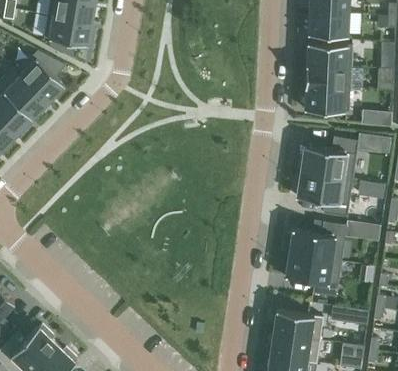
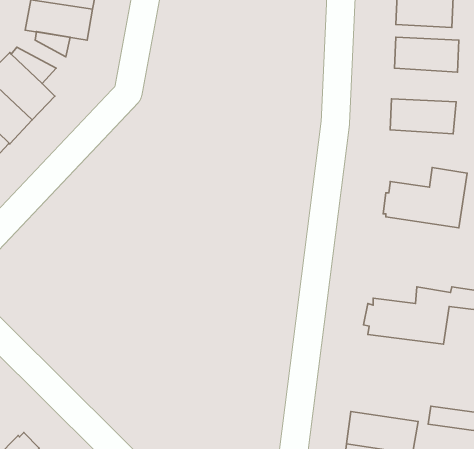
building: [304,66,351,90] -> none
building: [296,172,352,217] -> none
building: [284,256,341,298] -> none

